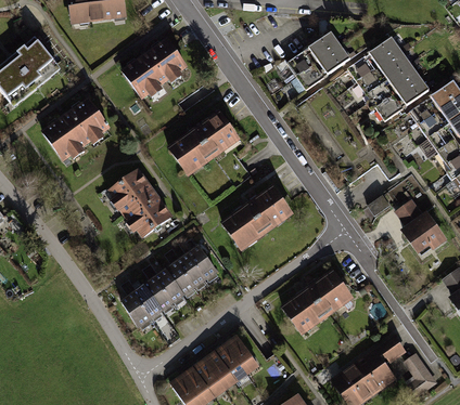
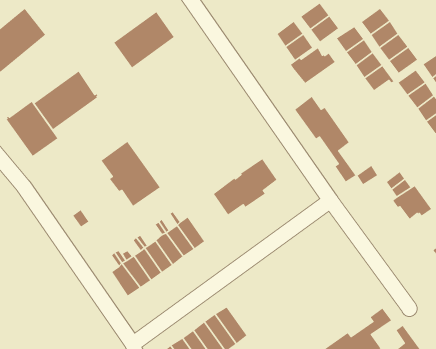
building: none -> [290,47,336,84]
building: [170,113,235,170] -> none
building: none -> [294,96,357,183]
building: none -> [6,101,59,157]
building: [283,271,353,329] -> none

